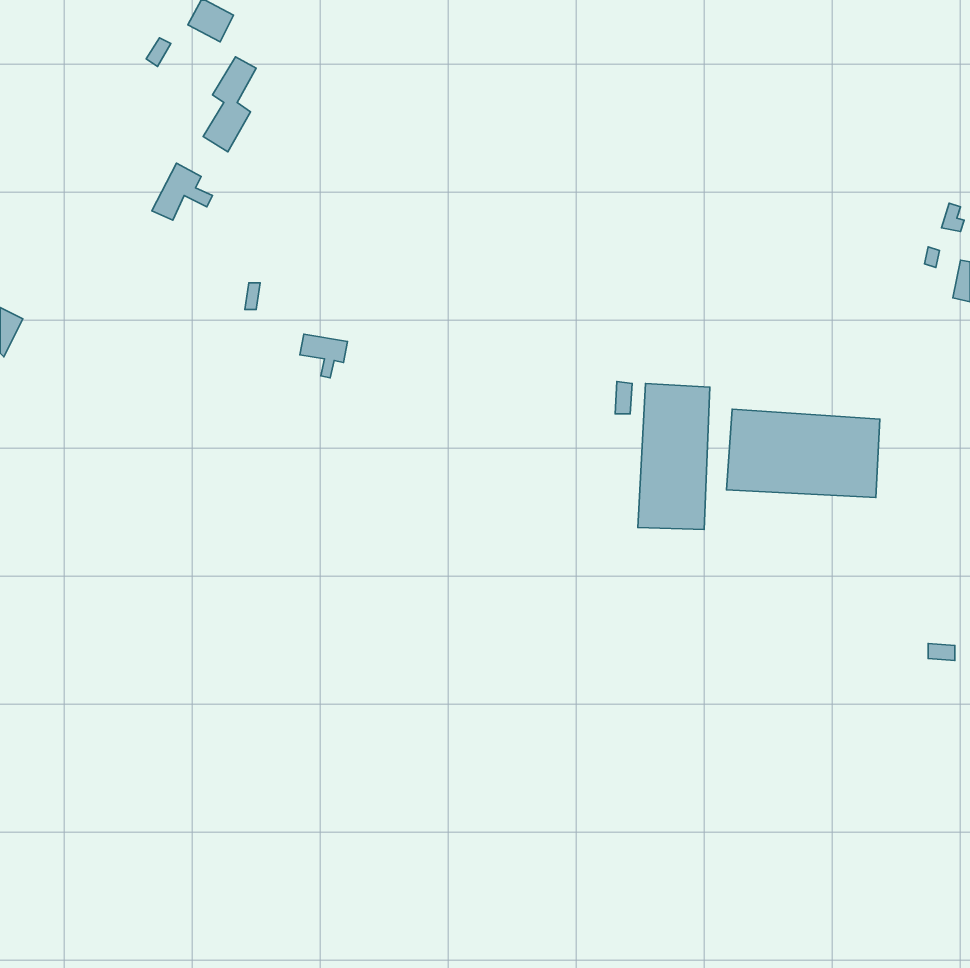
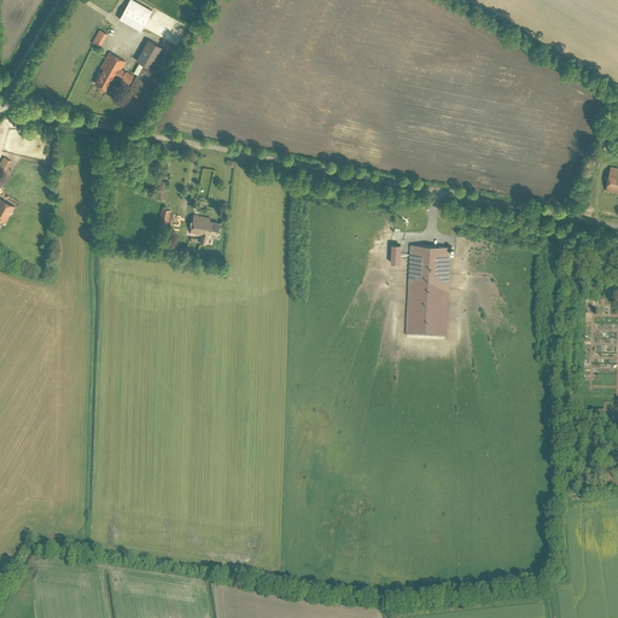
building: [152,163,213,220] -> [92,54,130,91]
building: [726,409,880,498] -> none

